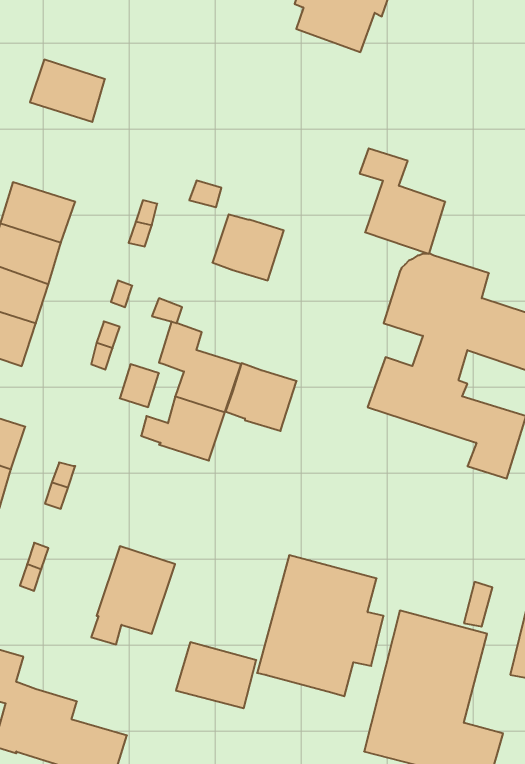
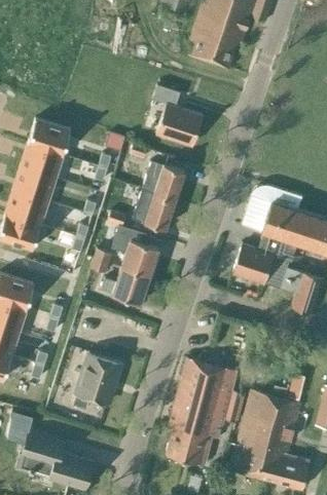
building: [30,60,105,122] -> [28,119,71,155]
building: [360,148,445,254] -> [153,85,203,146]
building: [225,363,297,431] -> [134,190,175,229]
building: [176,642,256,708] -> [166,427,212,465]

